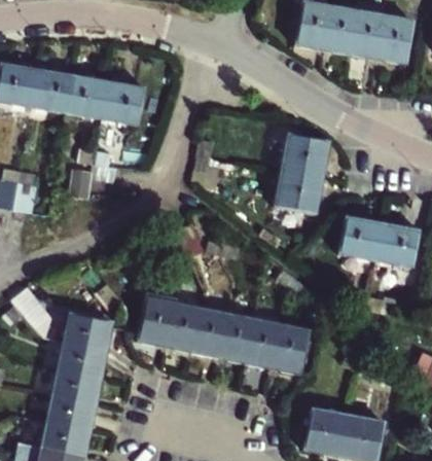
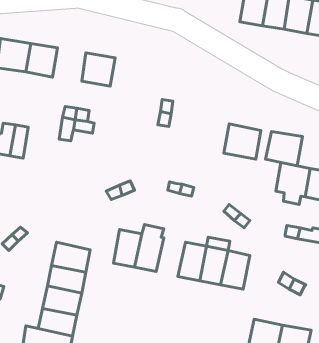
building: [66,76,107,117] -> none
building: [283,136,328,178] -> [266,131,302,166]
building: [193,310,229,357] -> none

